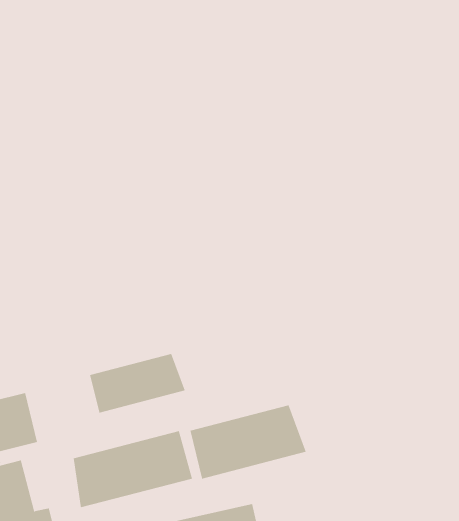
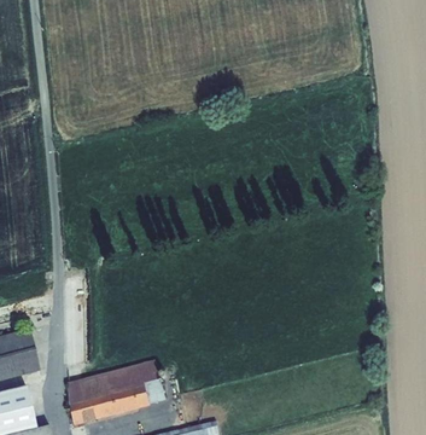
building: [90,353,186,413] -> none
building: [190,405,307,479] -> none

